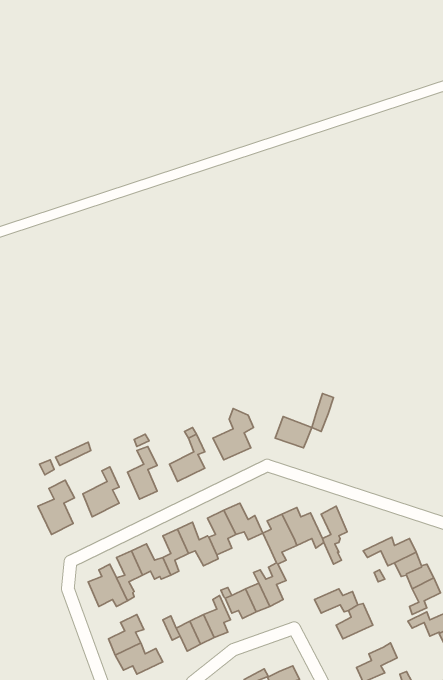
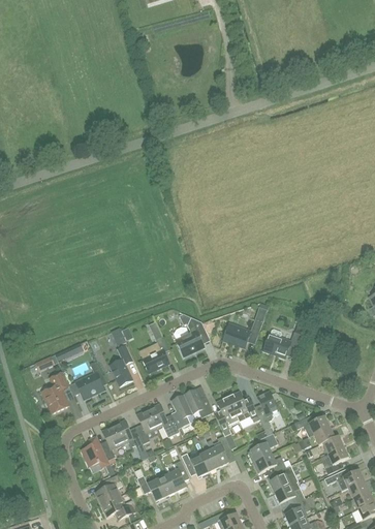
building: none -> [262,328,302,356]
building: none -> [248,432,278,462]
building: none -> [274,481,305,503]

